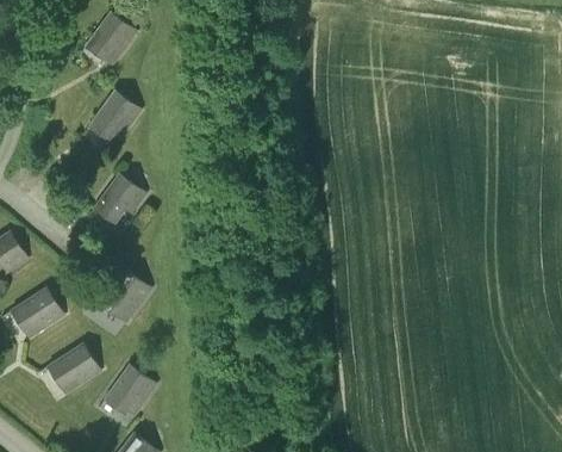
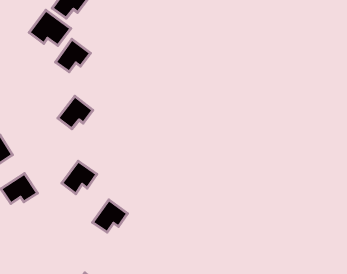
building: none -> [29,10,71,46]
building: [48,343,100,386] -> none
building: [105,365,156,413] -> [92,200,127,232]

